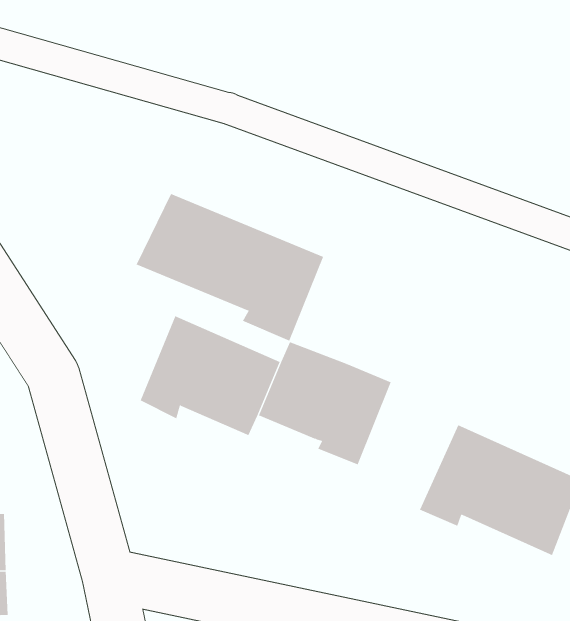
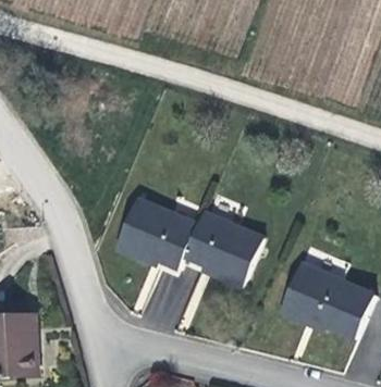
building: [136,193,324,341] -> none

